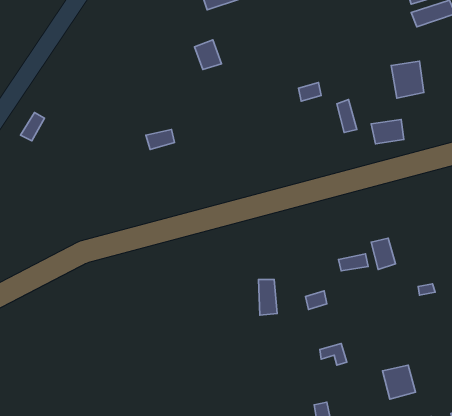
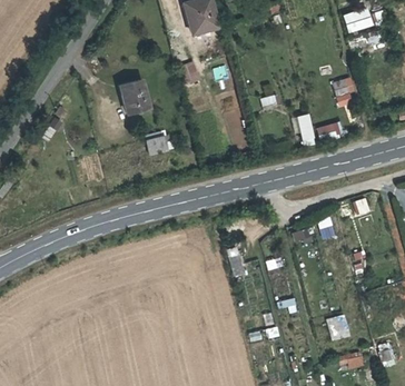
building: none -> [115,71,144,108]

